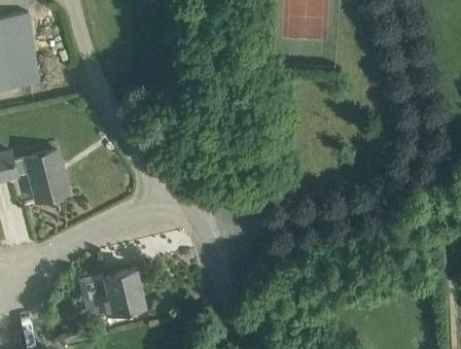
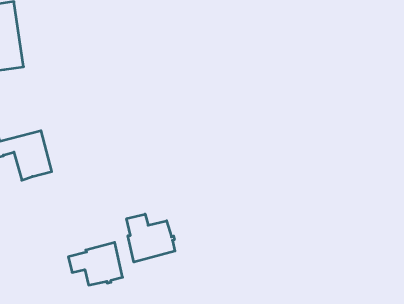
building: none -> [127,214,175,262]

